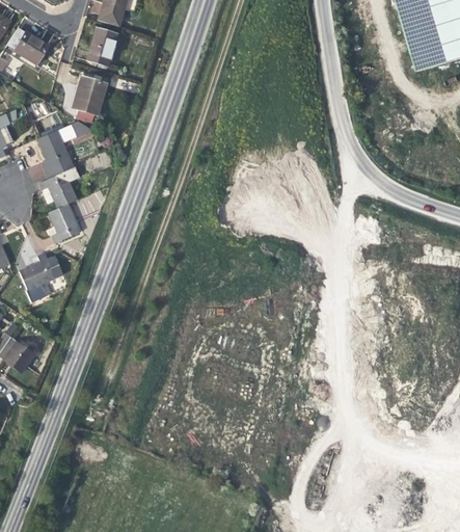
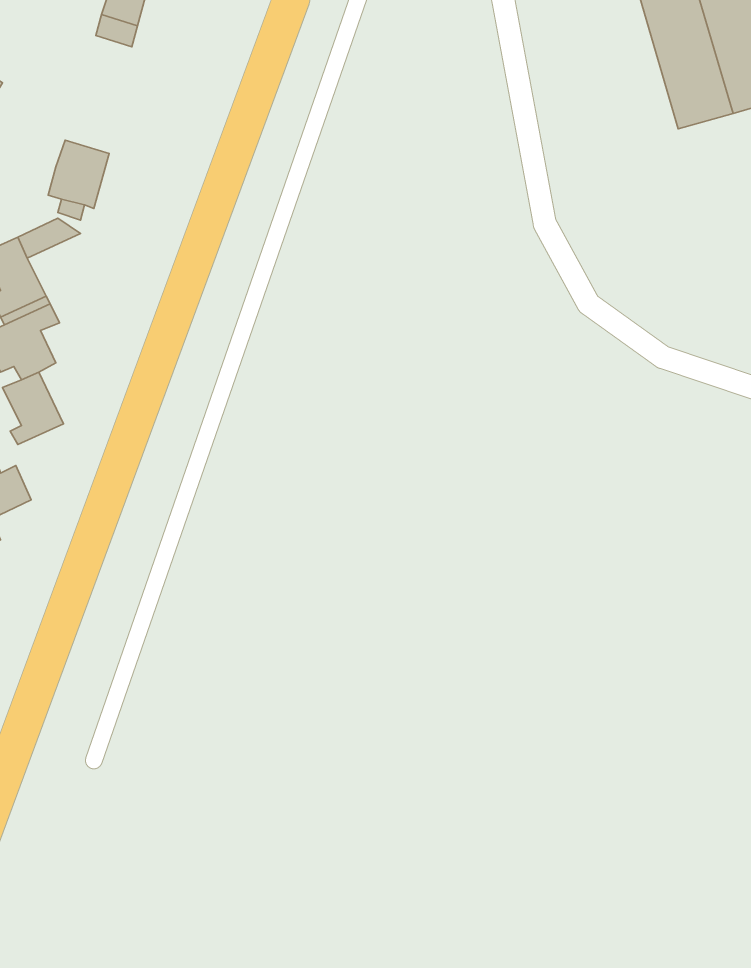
building: [87,28,116,64] -> none

